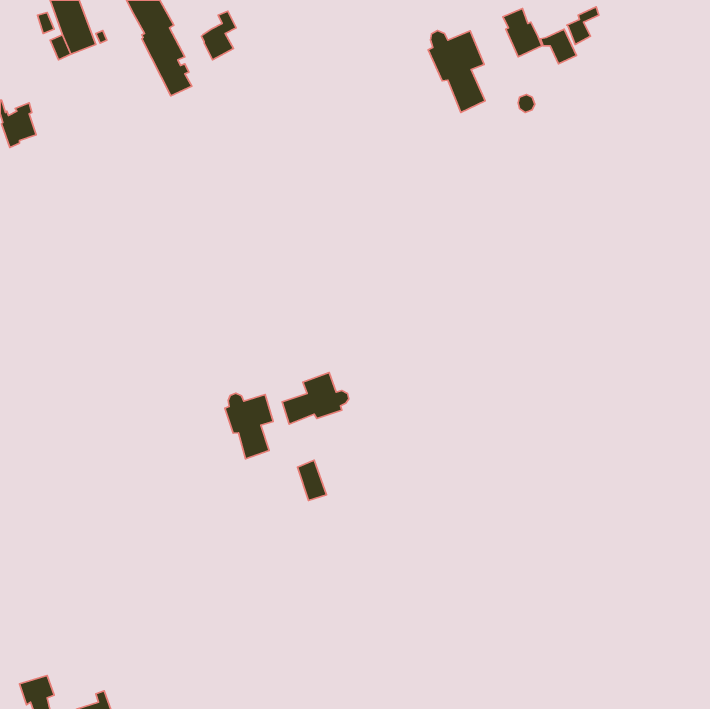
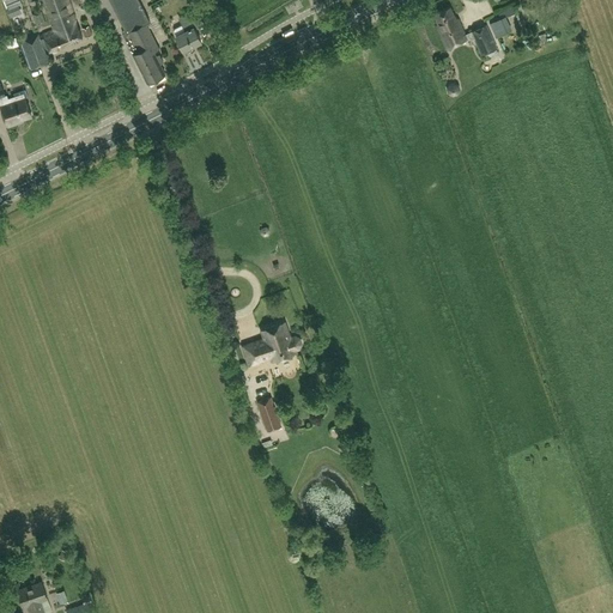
building: [428,31,485,112] -> none
building: none -> [22,35,50,72]
building: [225,393,273,459] -> none

